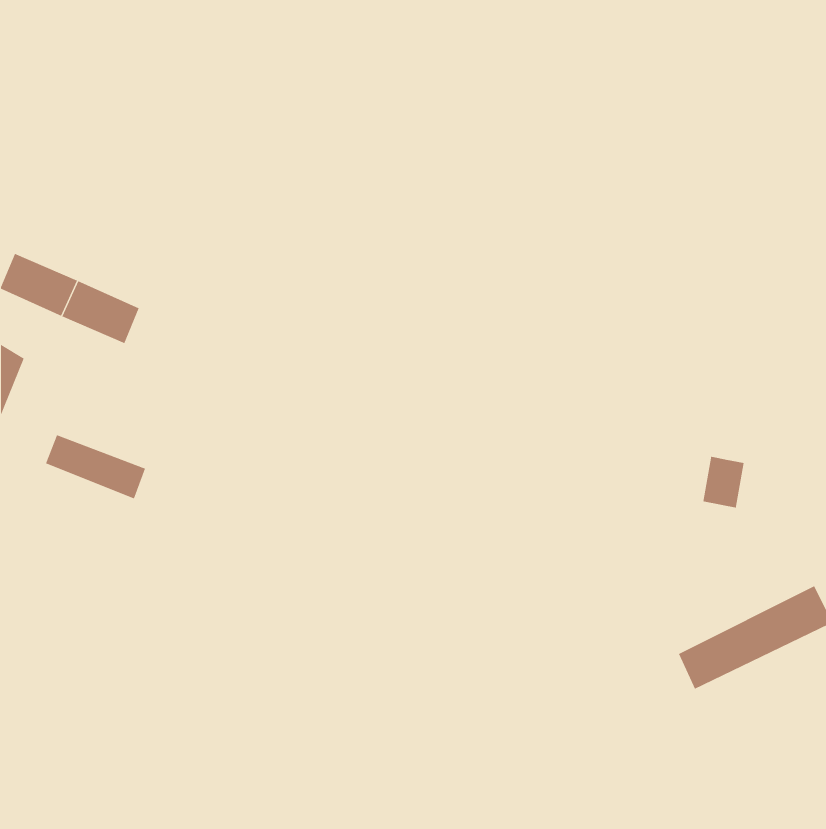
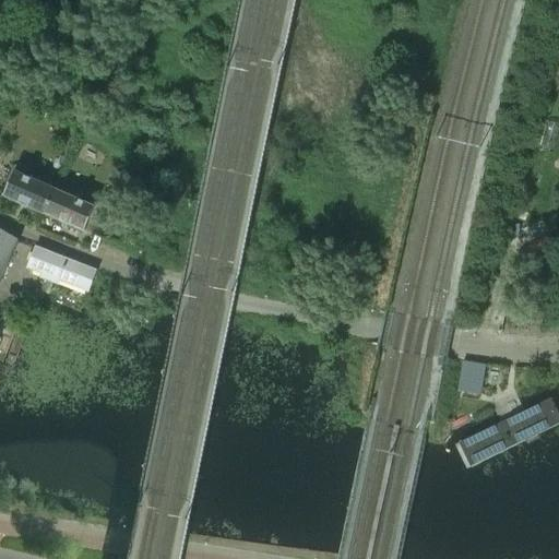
building: [45,434,146,499] -> [29,248,97,292]
building: [702,456,745,508] -> [460,360,488,395]

